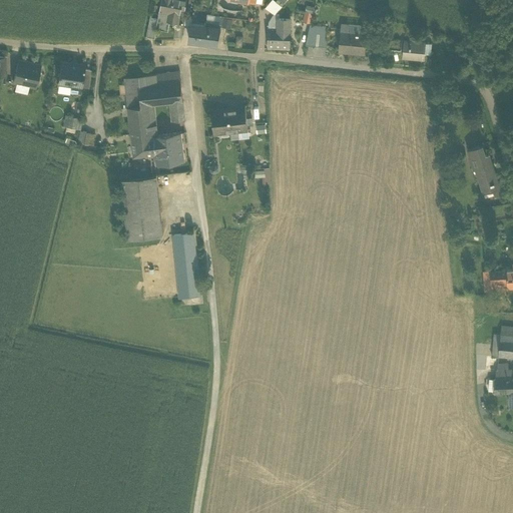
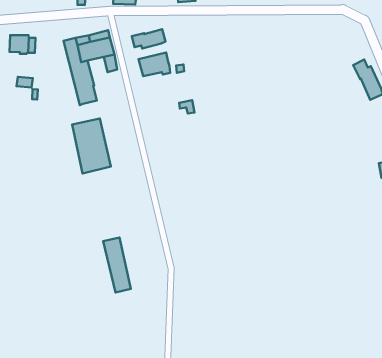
building: none -> [132,29,165,48]
building: [152,133,183,164] -> none
building: [172,232,198,298] -> [103,238,131,293]

